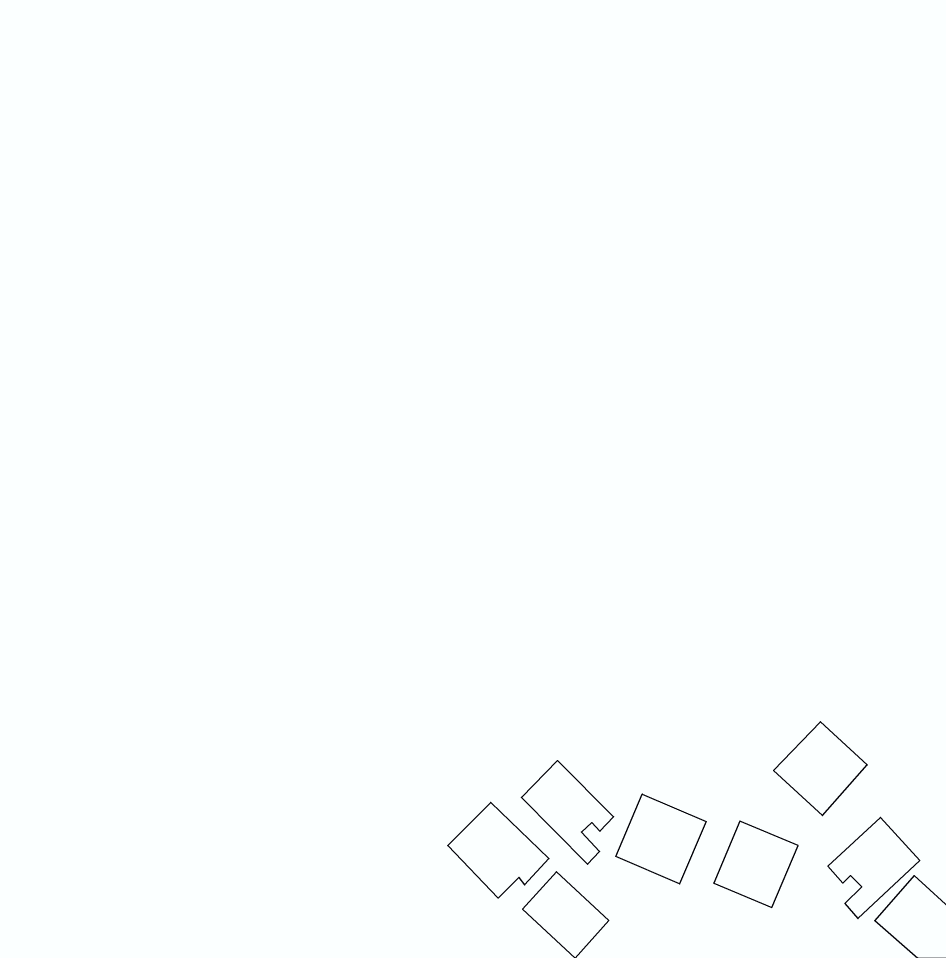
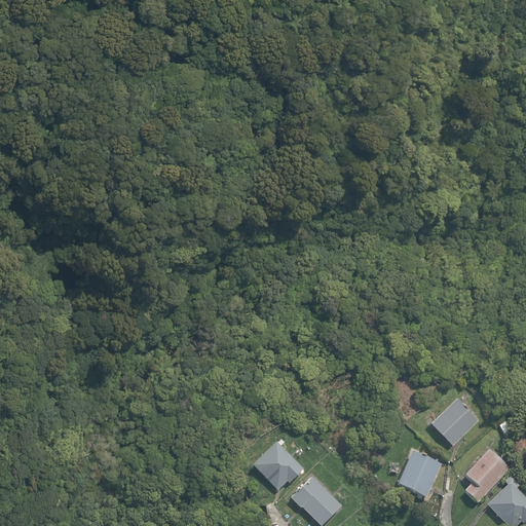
building: [521,761,614,864] -> none
building: [616,794,706,884] -> none

